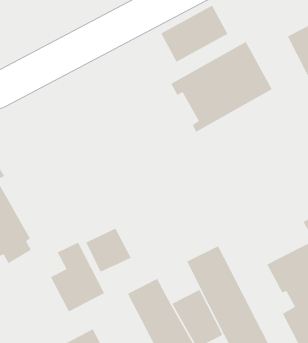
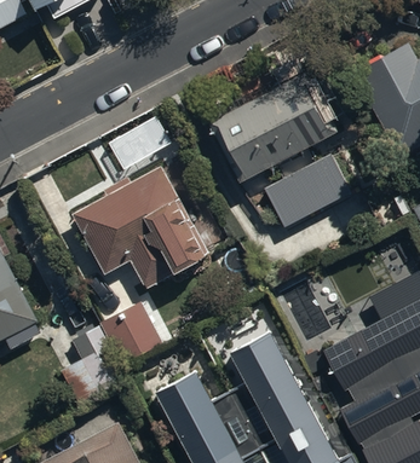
building: [160,5,228,63] -> [267,155,351,226]
building: none -> [75,164,209,287]

